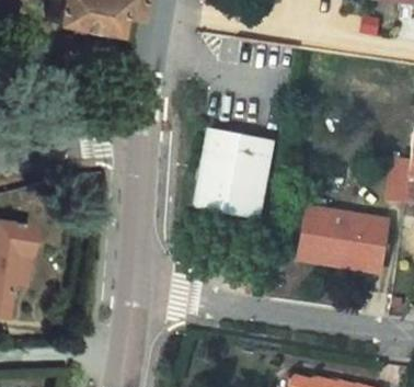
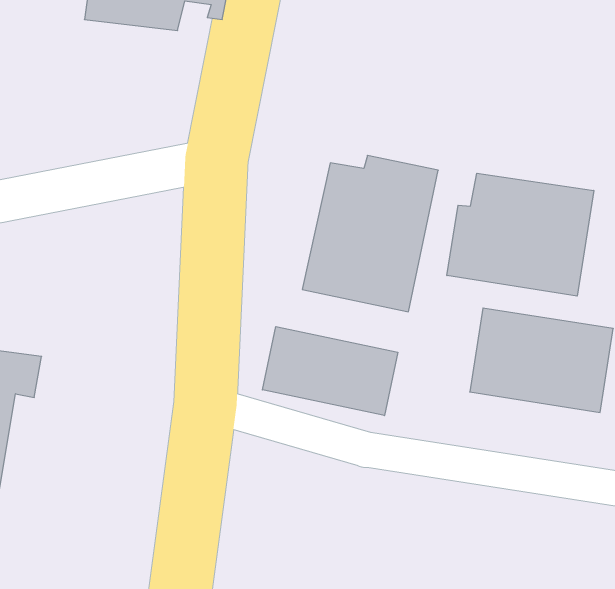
building: none -> [447,173,594,296]
building: none -> [262,327,398,416]

